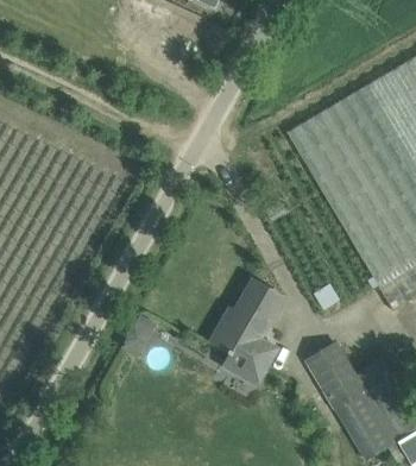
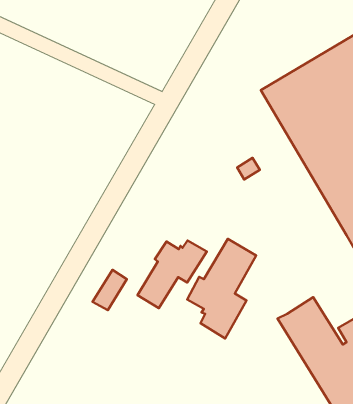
building: none -> [138,240,207,308]

